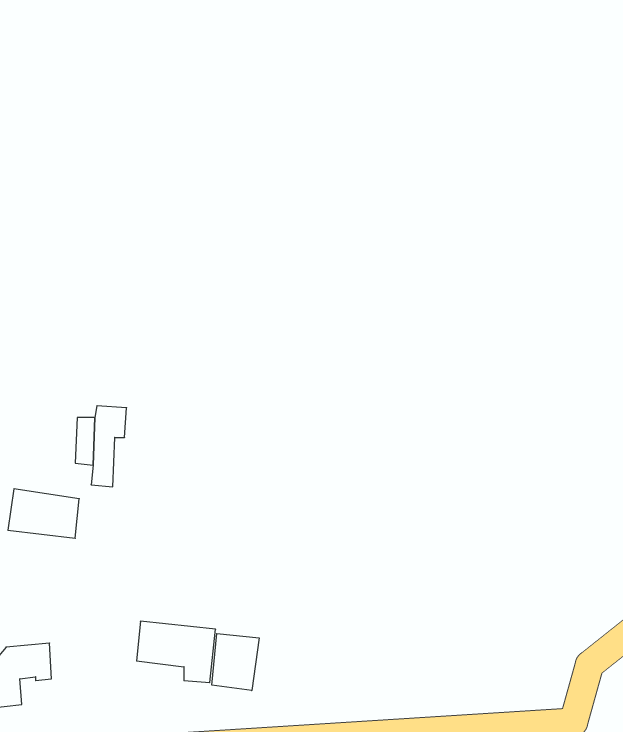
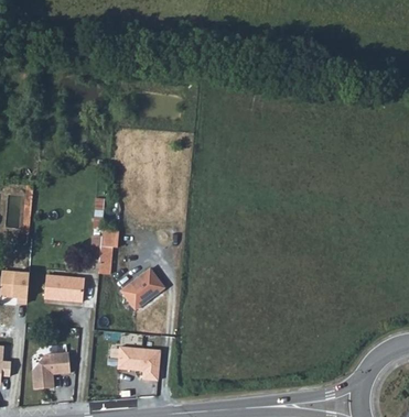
building: none -> [119,267,160,306]
building: [212,634,259,691] -> none

